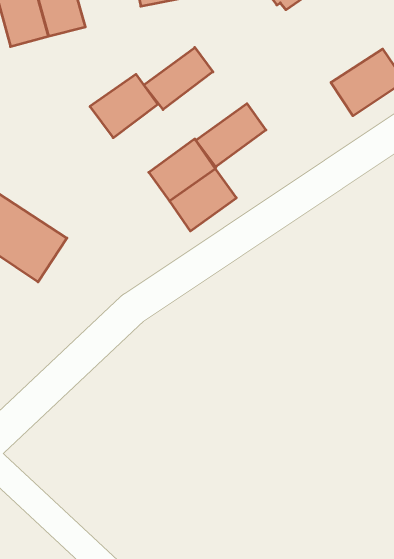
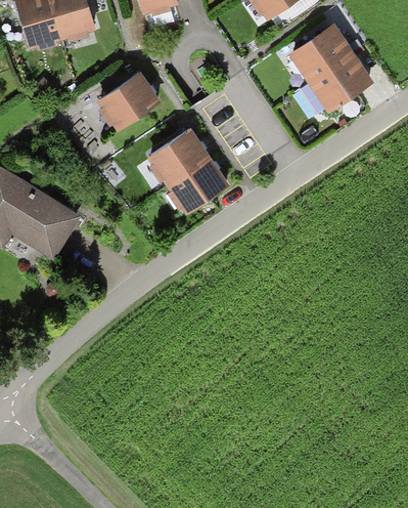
building: none -> [292,23,357,81]
building: [144,47,213,110] -> none
building: [196,104,266,167] -> none

